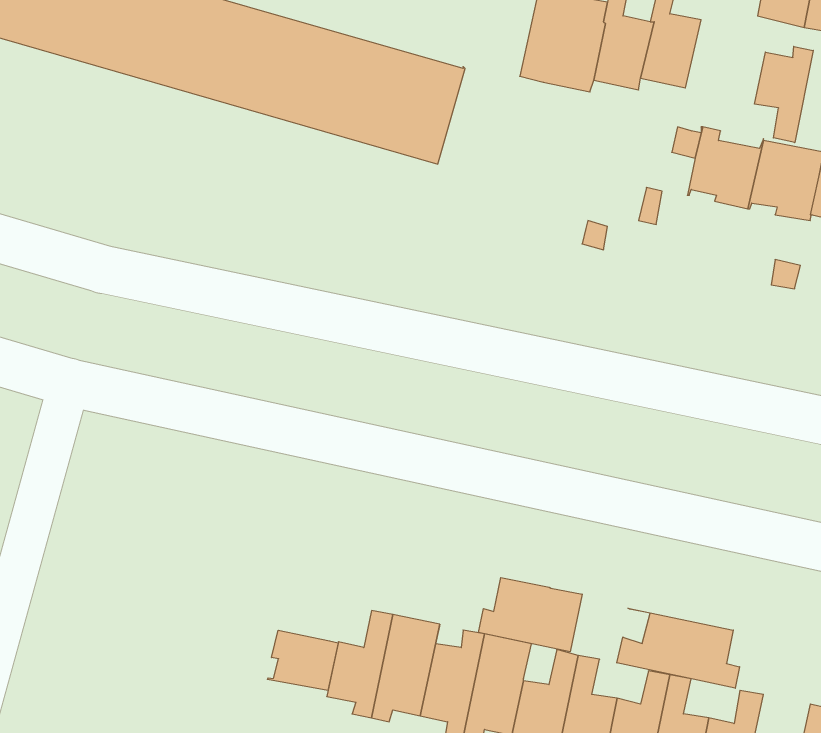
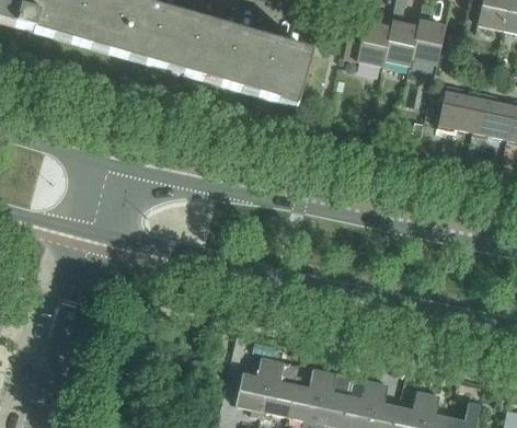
building: [755,46,813,143] -> none
building: [479,578,582,652] -> none
building: [617,608,740,688] -> none
building: [267,630,338,690] -> none

